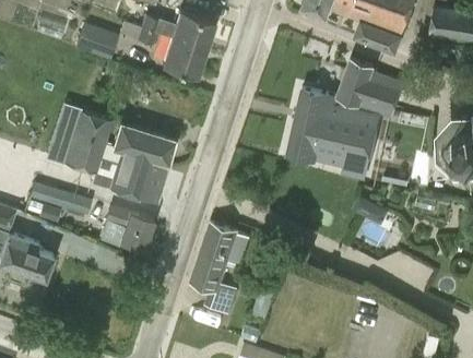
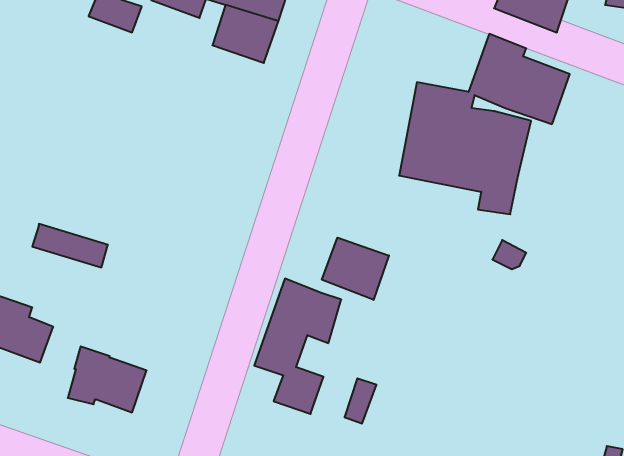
building: [46,105,176,202] -> none
building: none -> [322,238,389,300]
building: [100,205,154,250] -> [68,346,147,412]

